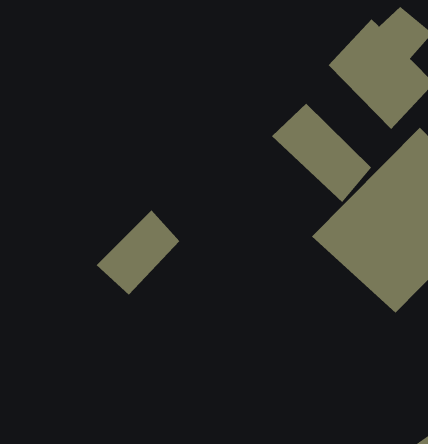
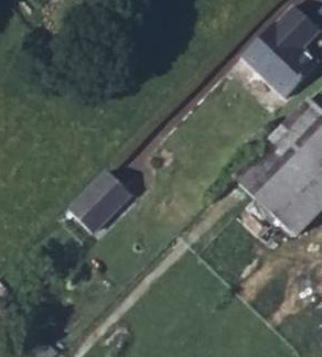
building: [271,103,372,203] -> none

